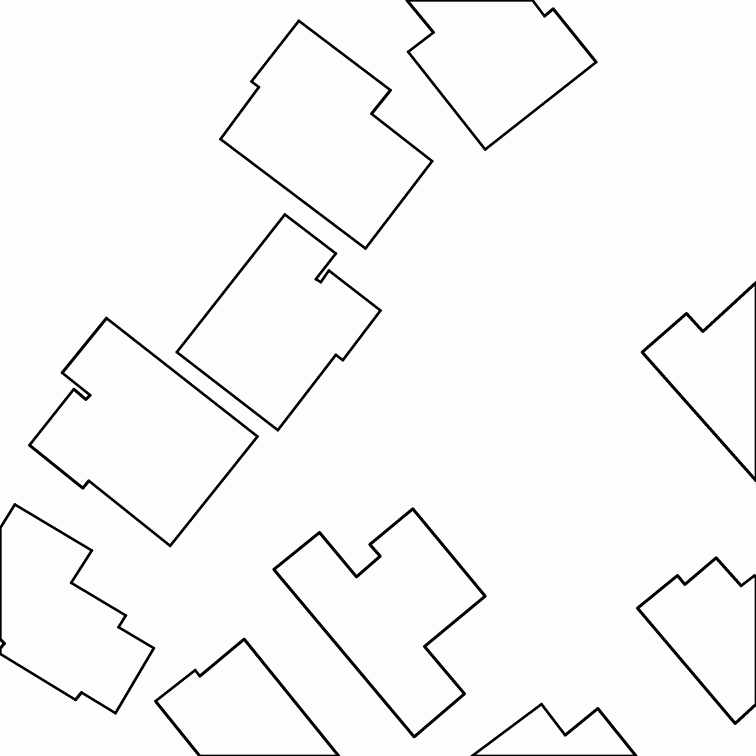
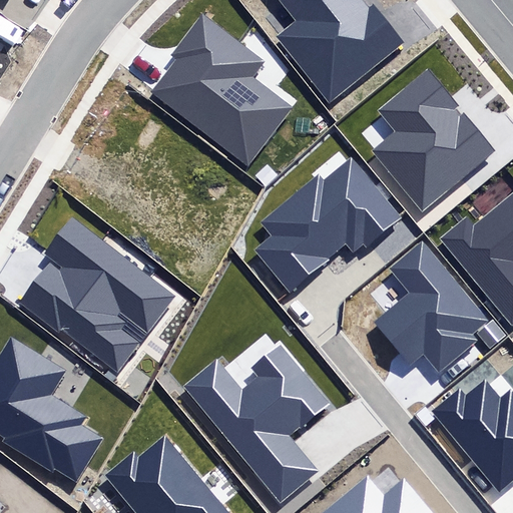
building: none -> [372,71,494,209]
building: [177,215,381,430] -> none
building: none -> [248,152,405,297]
building: none -> [375,242,486,372]

